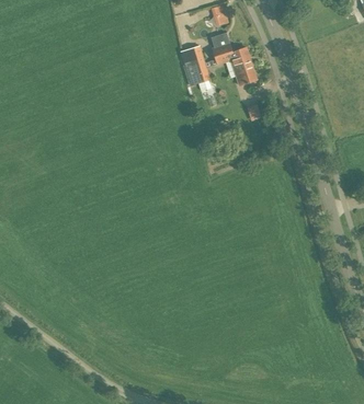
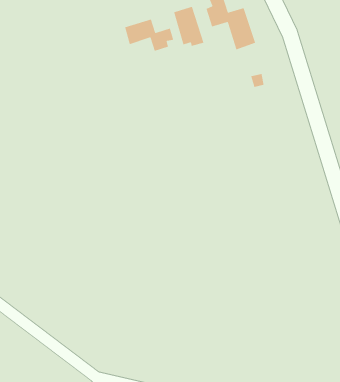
building: none -> [124,18,174,52]

